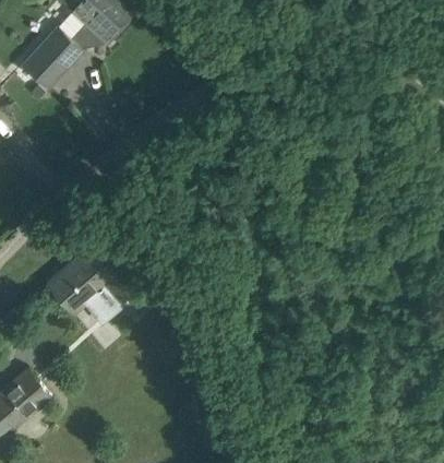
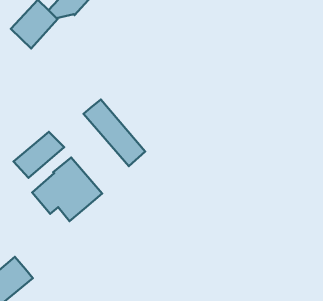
building: none -> [84,100,145,166]
building: none -> [14,132,64,178]

